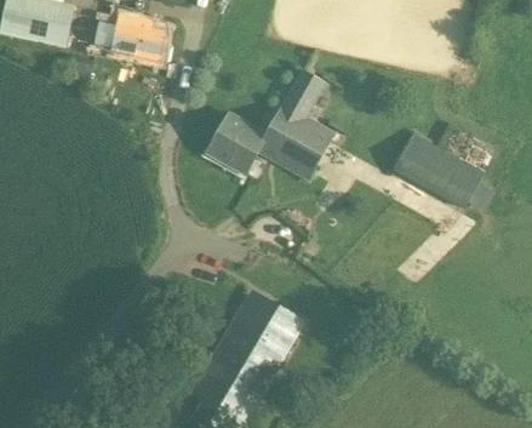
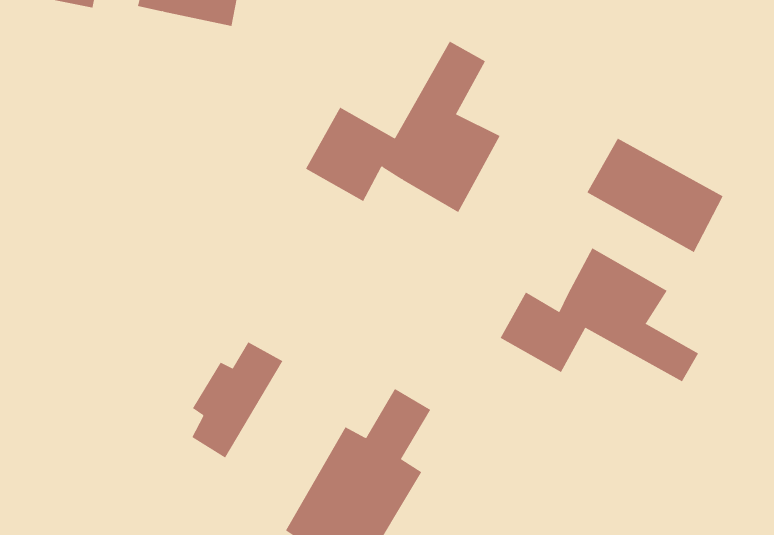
building: none -> [500,247,699,382]
building: none -> [191,341,283,459]

